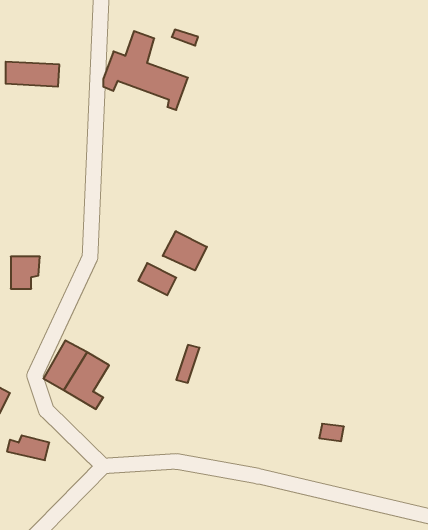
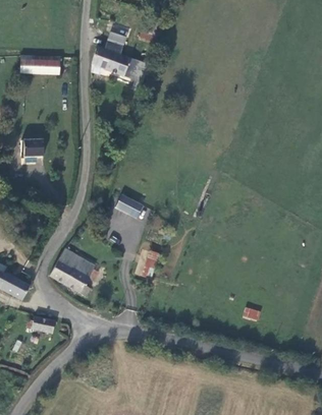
building: [163,231,207,270] -> none
building: [11,257,40,289] -> [23,139,44,162]

